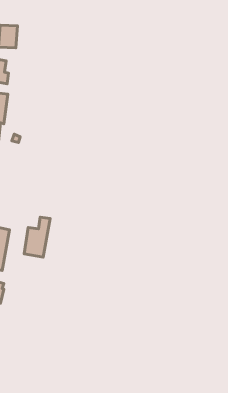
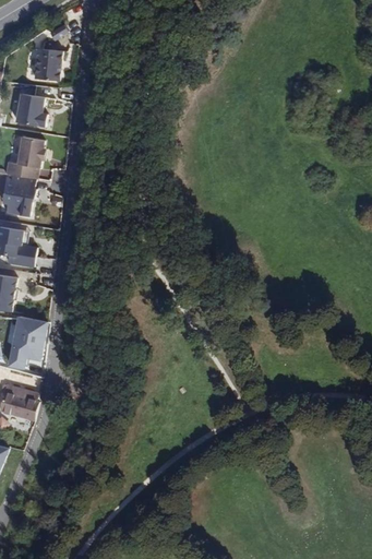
building: [24,217,50,257] -> none

